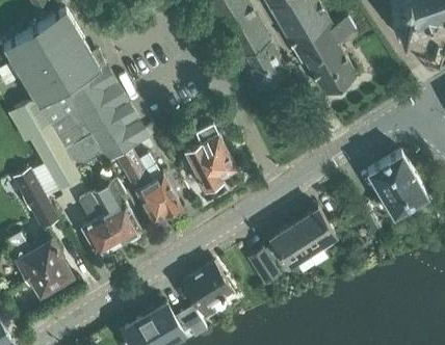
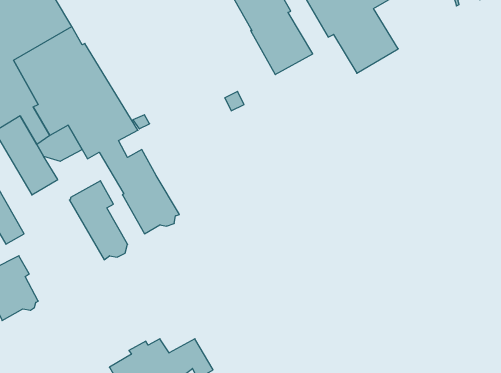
building: [187,126,236,191] -> none
building: [370,152,435,217] -> none
building: [81,195,122,257] -> none
building: [250,208,336,284] -> none
building: [183,263,233,320] -> none

